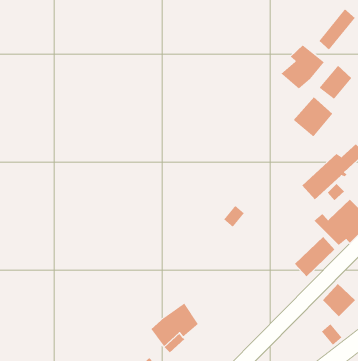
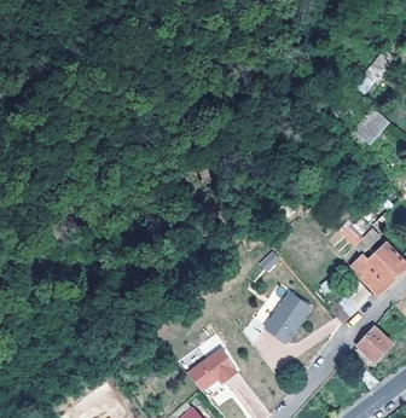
building: [281,45,325,89] -> none
building: [293,96,333,137] -> none
building: none -> [266,294,309,342]

